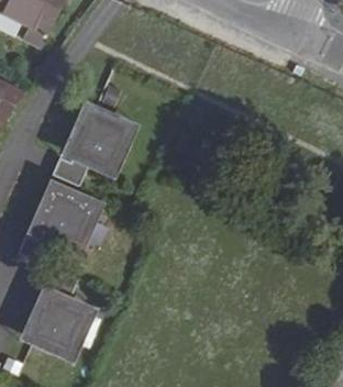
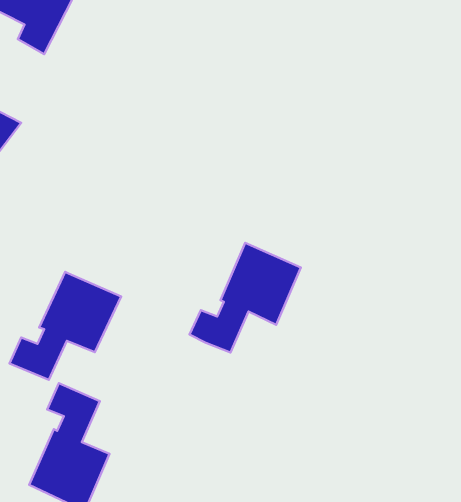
building: [48,112,123,186] -> [189,243,301,353]

